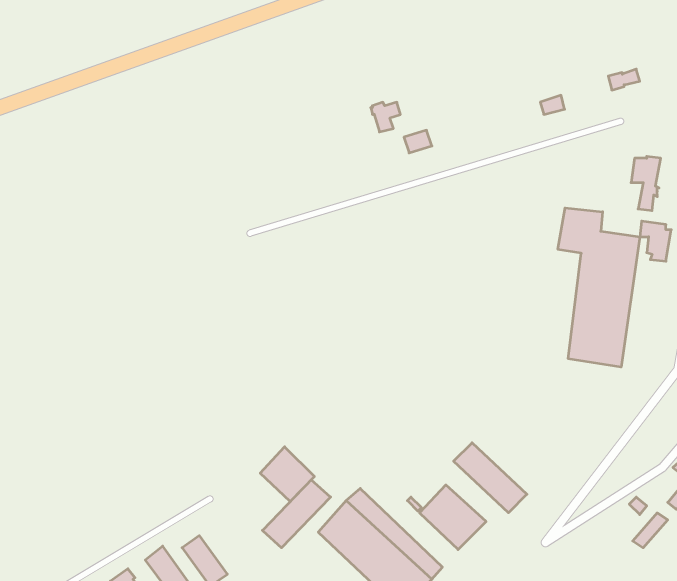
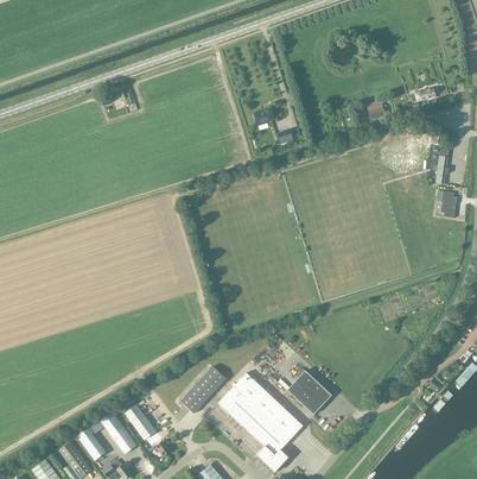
building: [558,208,640,367] -> none
building: [454,443,527,513] -> none
building: [260,447,314,502] -> none

